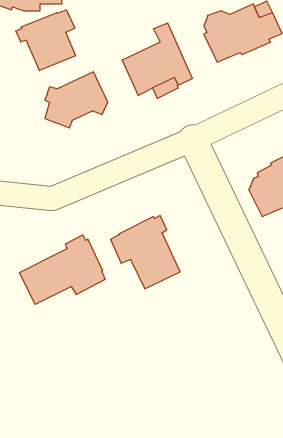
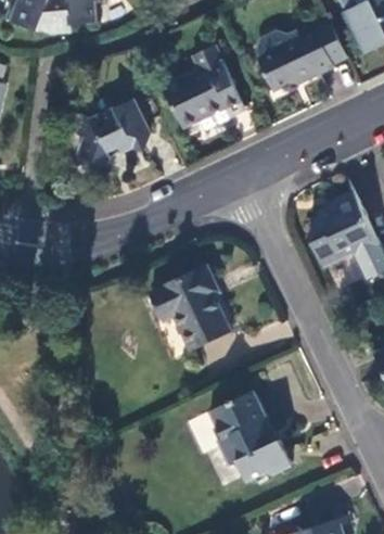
building: [16,10,75,71] -> none
building: [20,235,105,304] -> none
building: none -> [190,391,291,481]

